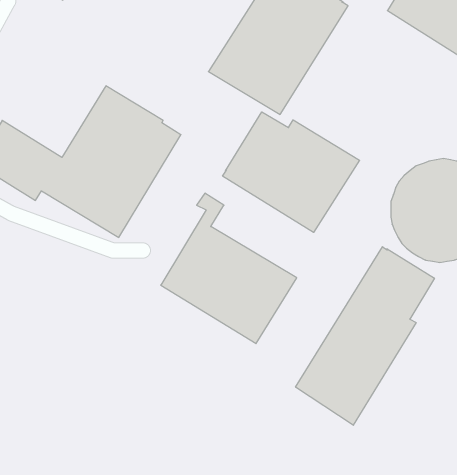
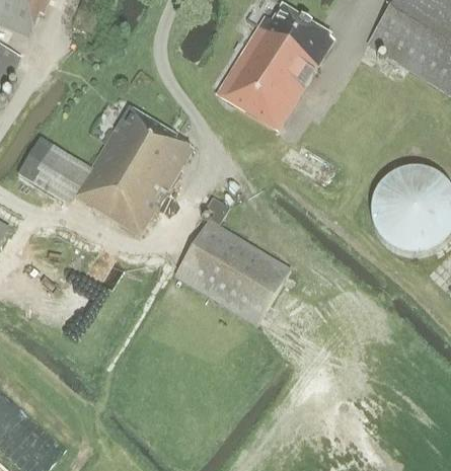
building: [223,112,360,232] -> none
building: [296,247,434,425] -> none

